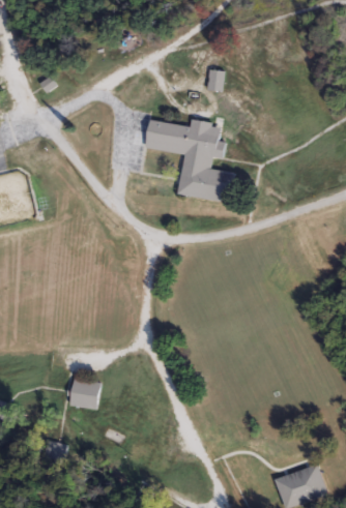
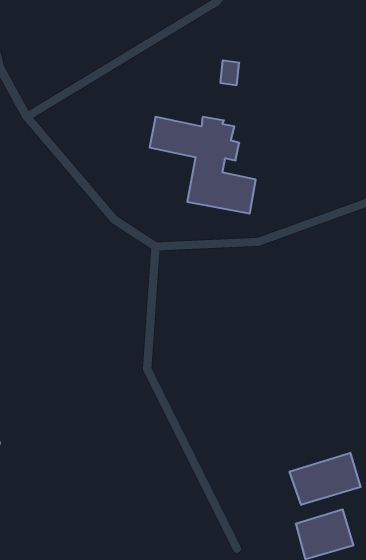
building: [66,377,98,409] -> none
building: none -> [290,453,361,505]

